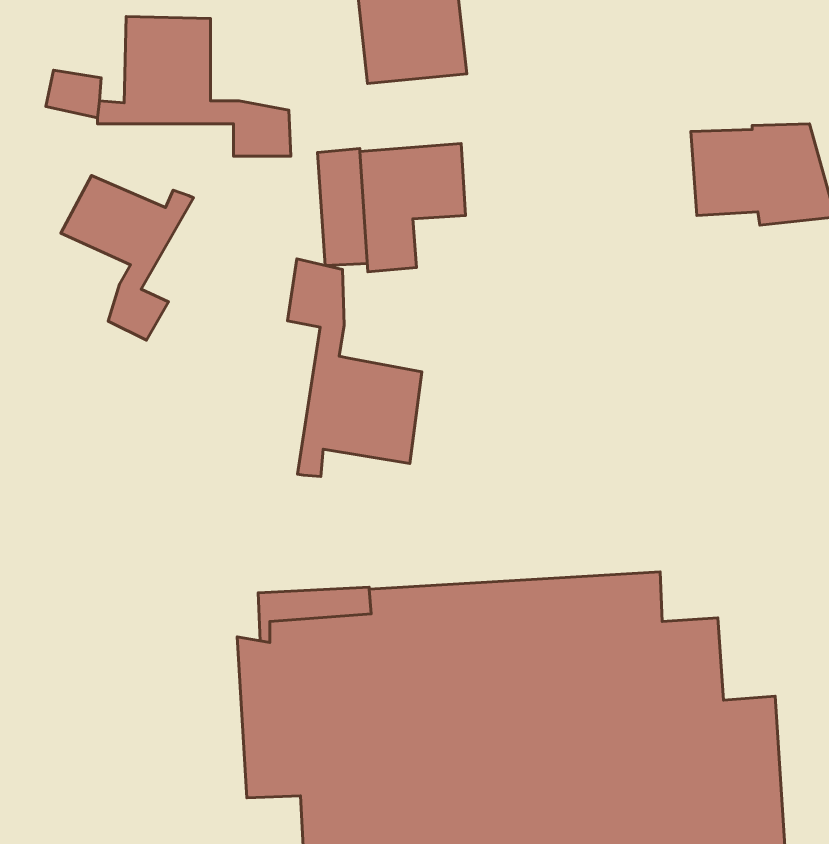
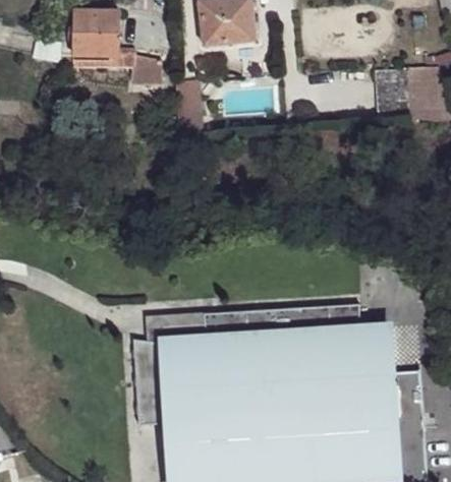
building: [360,144,466,272] -> none
building: [61,176,194,340] -> none
building: [287,259,422,476] -> none

